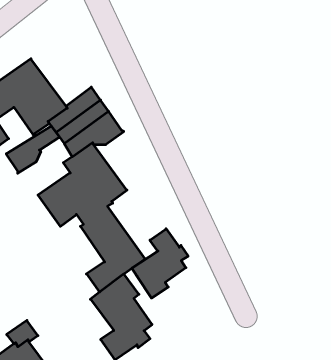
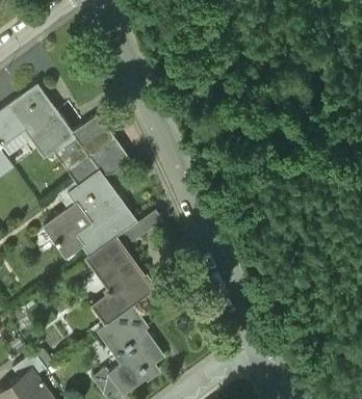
building: [6,126,59,173] -> none
building: [132,229,188,298] -> none

